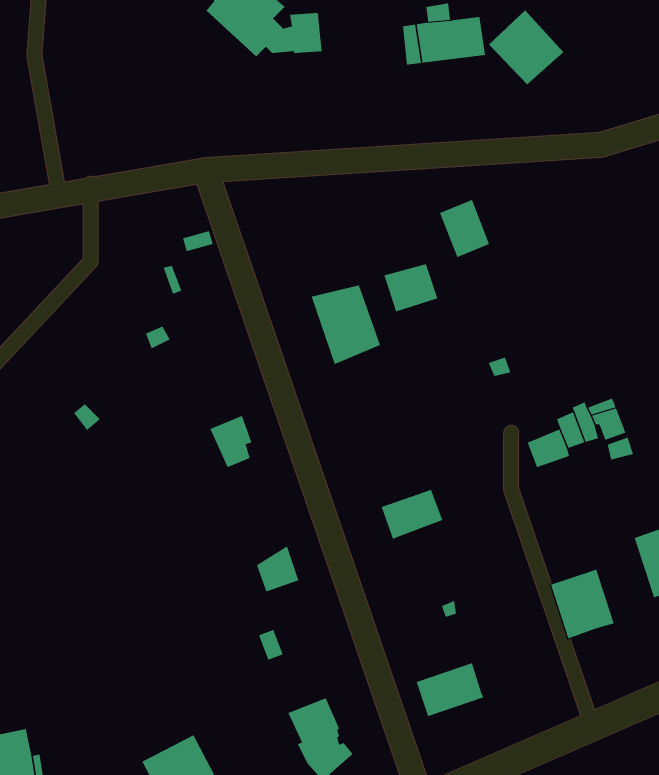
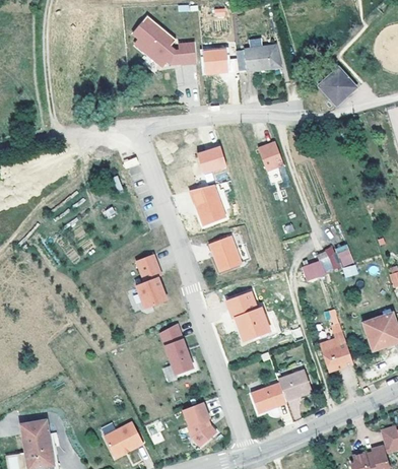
building: [488,9,564,85] -> [318,63,357,103]
building: none -> [204,49,229,74]
building: [384,264,438,312] -> [199,147,227,173]
building: none -> [210,237,244,272]
building: none -> [138,276,170,309]
building: none -> [236,308,272,343]
building: none -> [168,340,195,374]
building: none -> [274,370,308,399]

